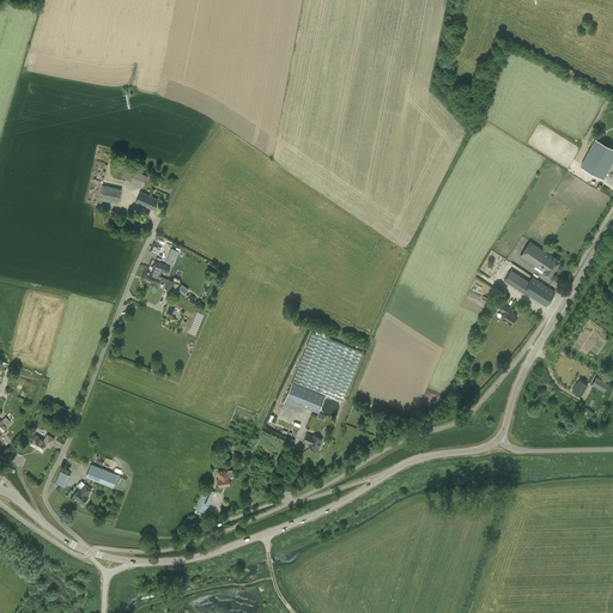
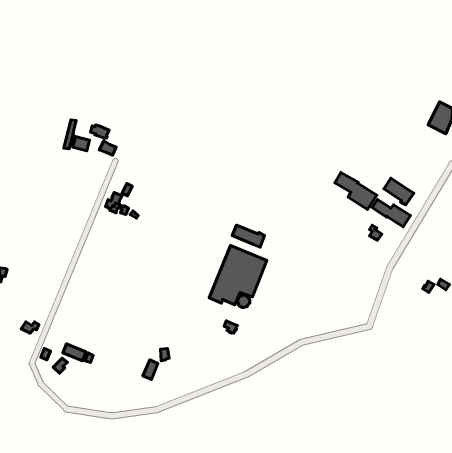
building: none -> [335,172,377,209]
building: none -> [232,225,264,247]

